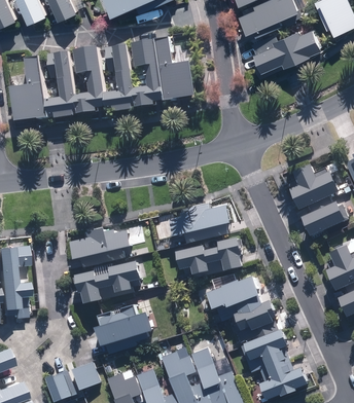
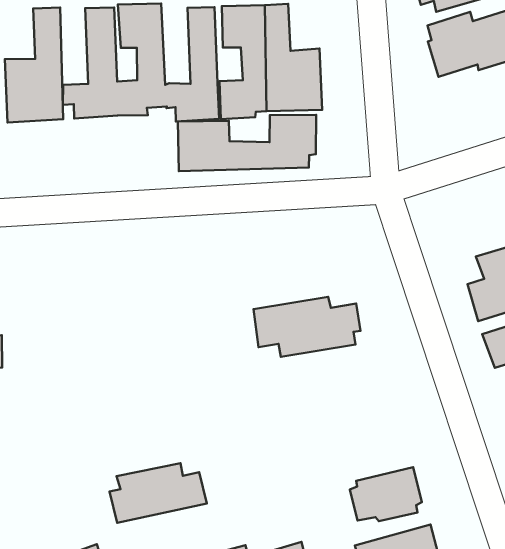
building: none -> [178,115,316,171]
building: [70,228,132,267] -> none
building: [175,239,244,277] -> none
building: [73,262,141,304] -> none
building: [205,278,260,310] -> none

